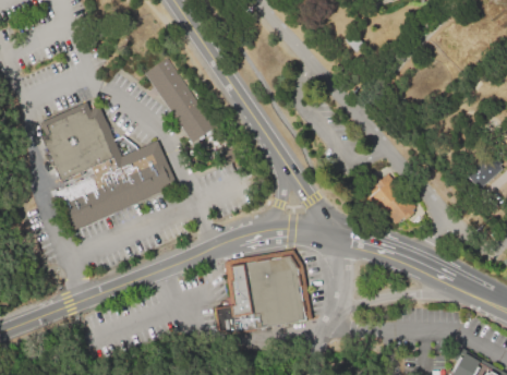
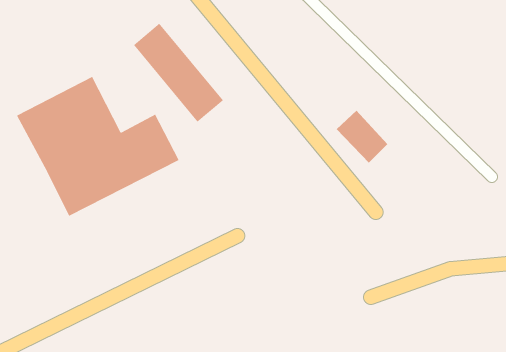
building: [371,174,415,222] -> [336,110,388,163]
building: [216,257,307,335] -> none

